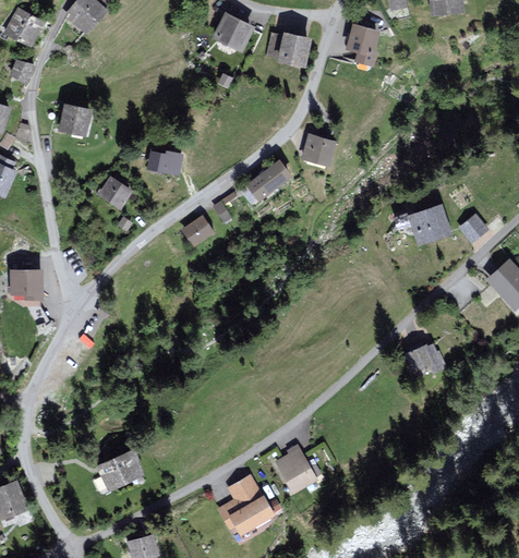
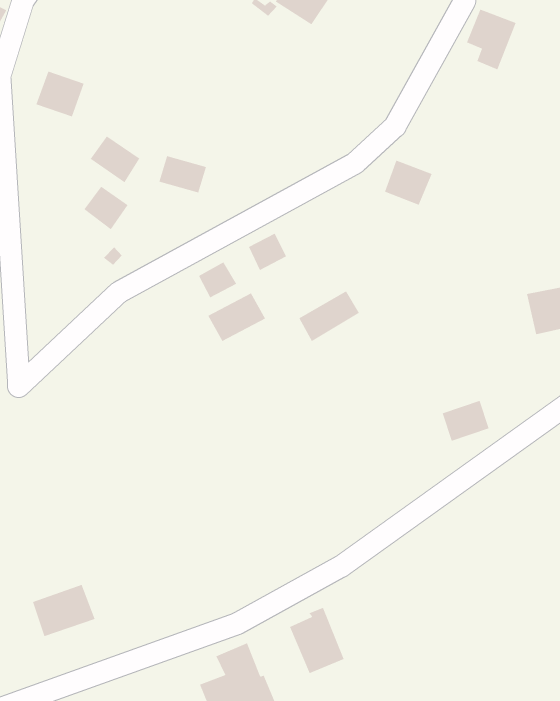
building: [279,32,310,64] -> none
building: none -> [90,135,140,183]
building: [249,160,290,198] -> [299,290,360,342]
building: none -> [207,292,266,342]
building: [405,341,438,372] -> [442,400,489,441]

